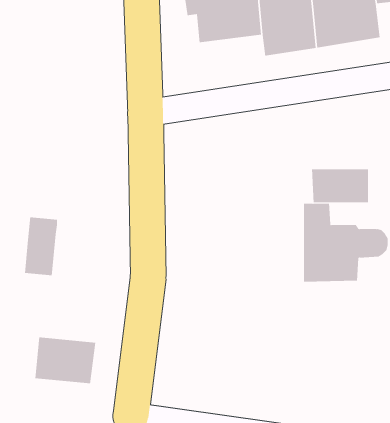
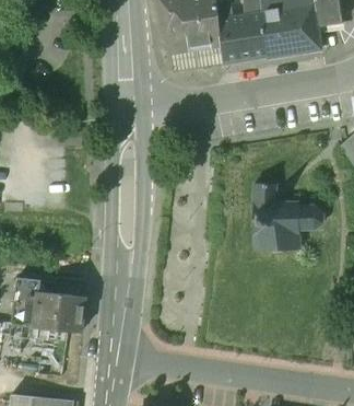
building: [312,169,369,203] -> none
building: [24,217,58,276] -> [14,279,42,327]

